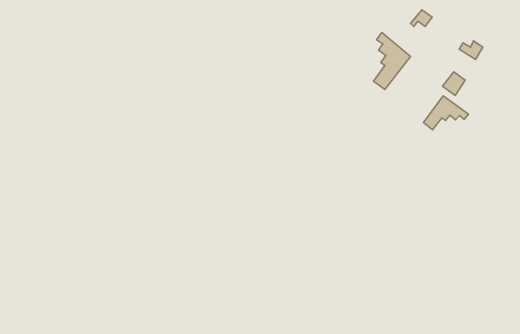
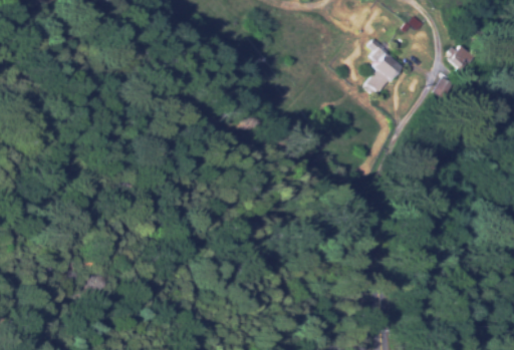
building: [423,96,469,130] -> none

